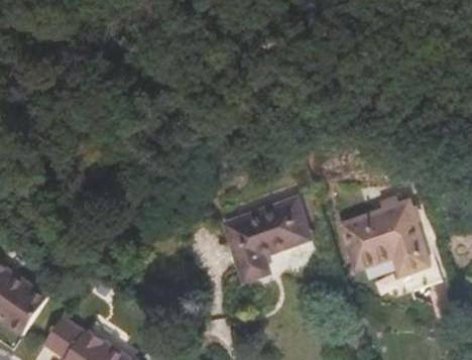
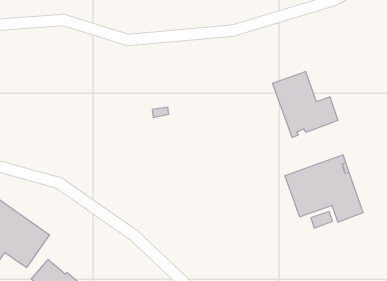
building: none -> [273,71,338,137]
building: [226,199,311,281] -> none

